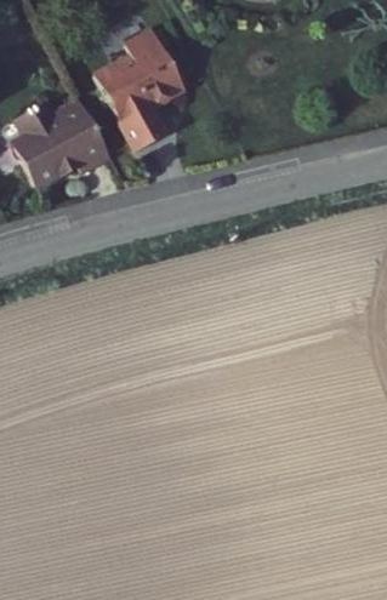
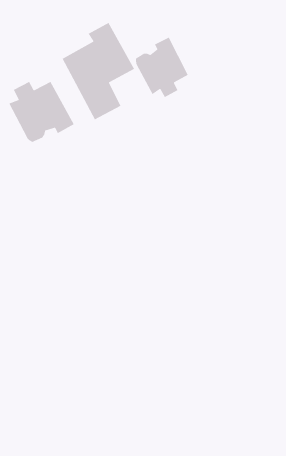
building: none -> [135,36,189,98]

